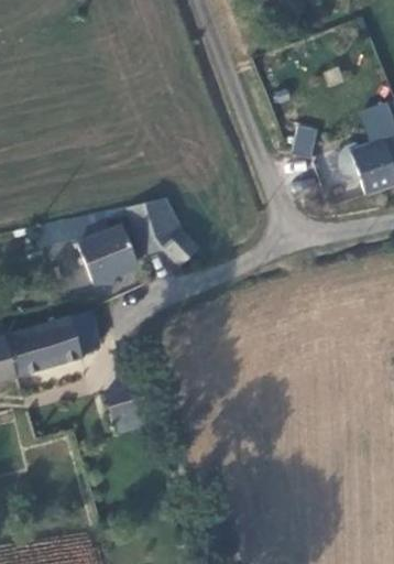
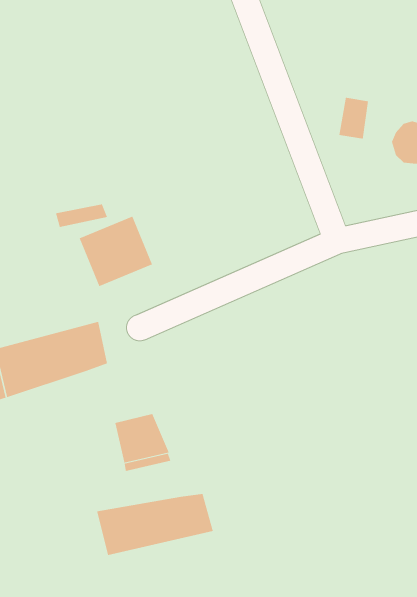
building: [129,197,198,264] -> none
building: none -> [97,493,214,556]

